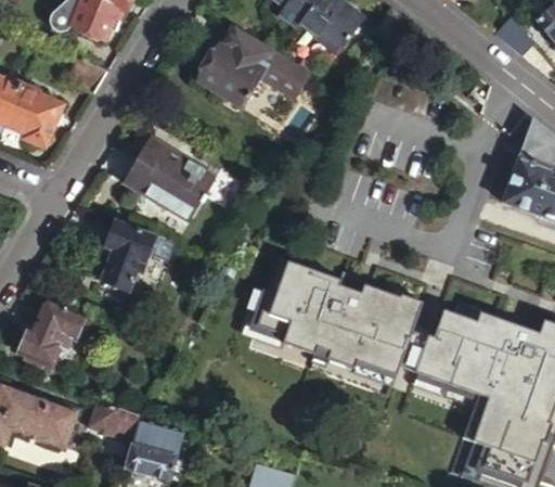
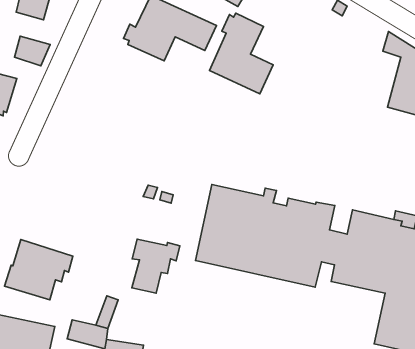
building: none -> [209,13,273,94]
building: [124,138,217,220] -> none
building: [99,222,162,290] -> [132,239,180,293]

